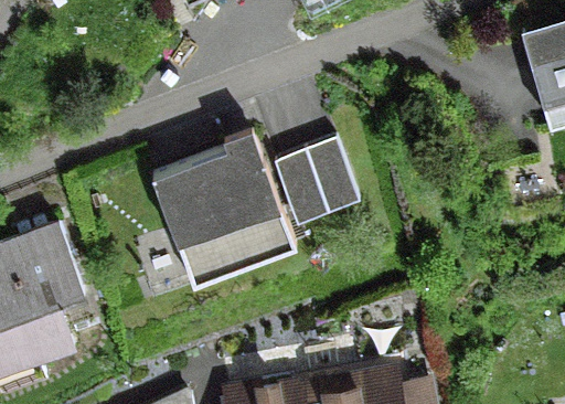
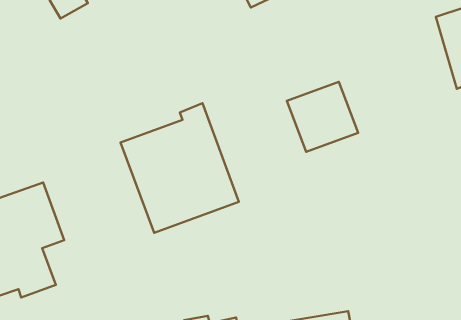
building: [271,137,358,222] -> [287,82,358,152]

